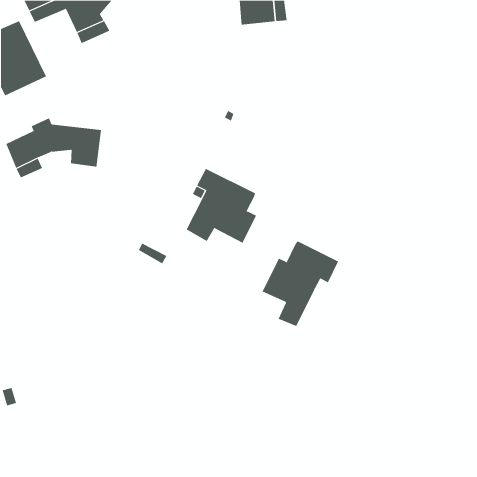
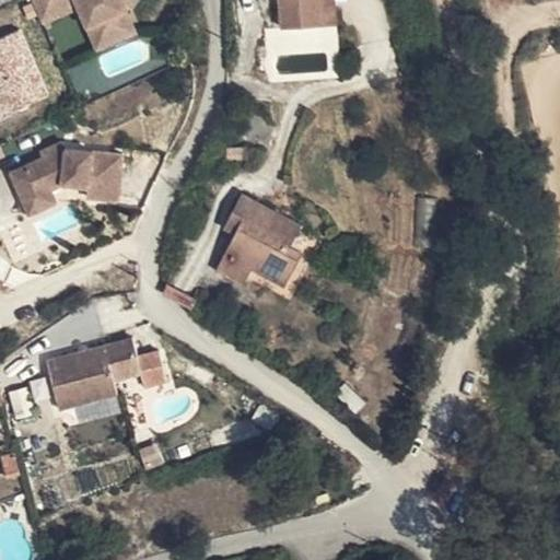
building: [262,240,339,327] -> none
building: none -> [46,338,166,410]

